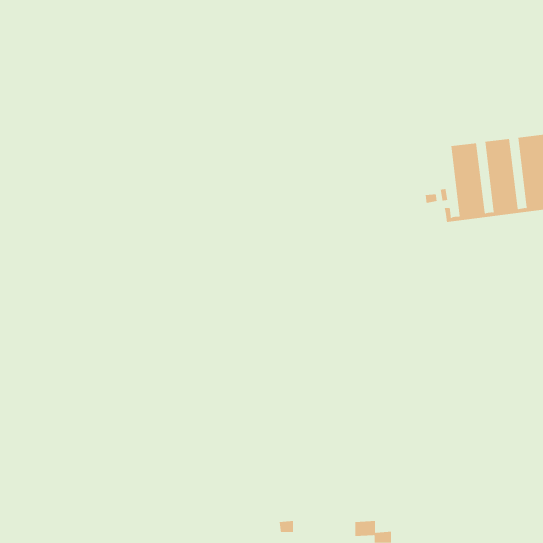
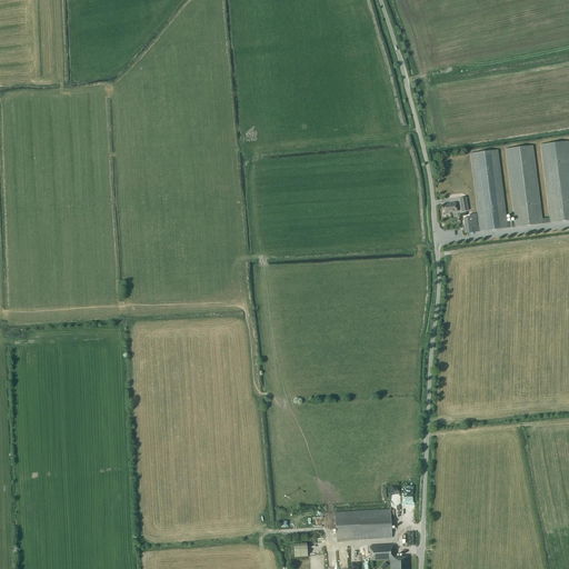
building: none -> [336,508,392,540]

